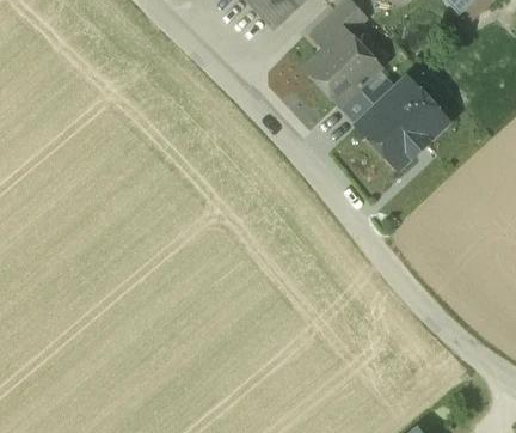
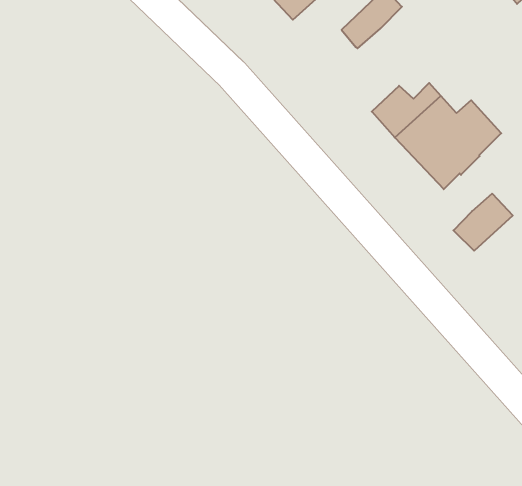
building: [307,32,377,102] -> none
building: none -> [453,194,513,251]

